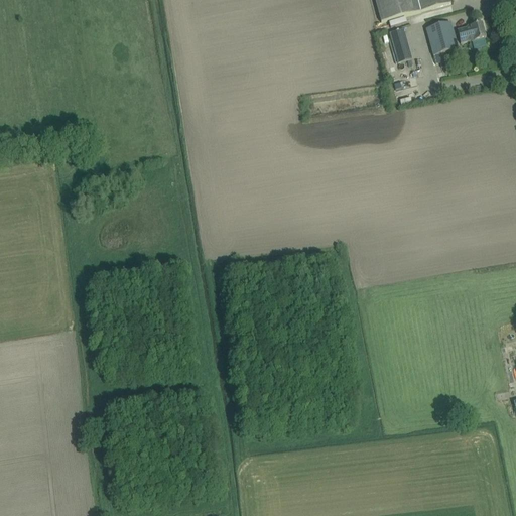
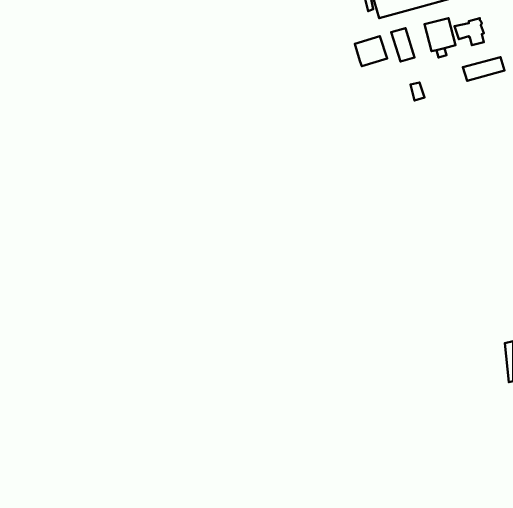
building: none -> [355,36,387,66]
building: none -> [463,57,505,81]

